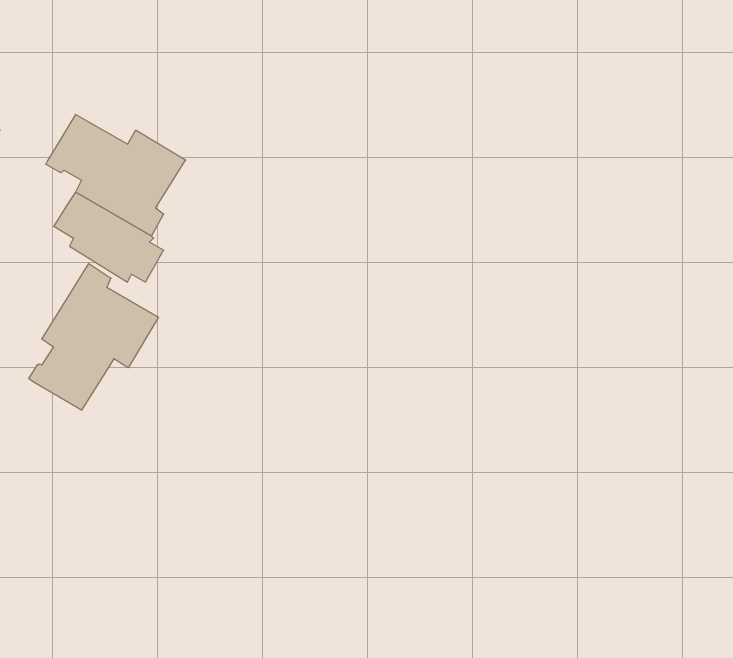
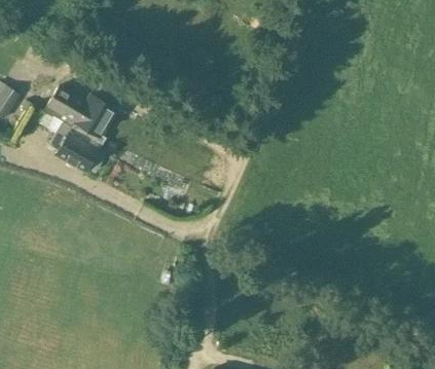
building: [29,264,158,410] -> none

